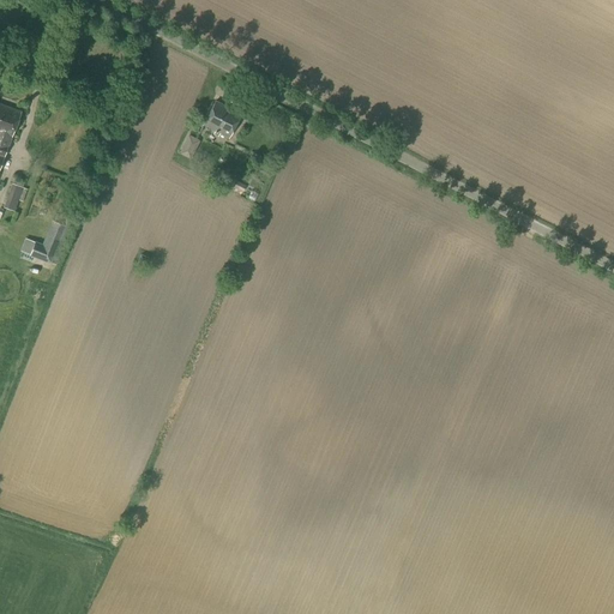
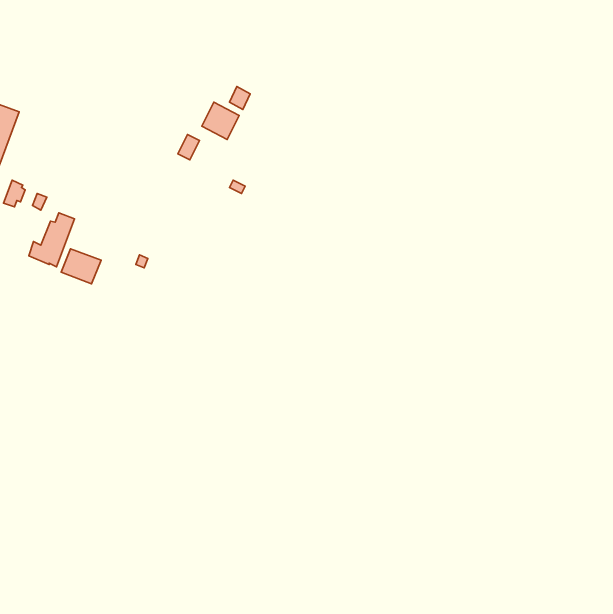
building: none -> [61,249,101,284]

